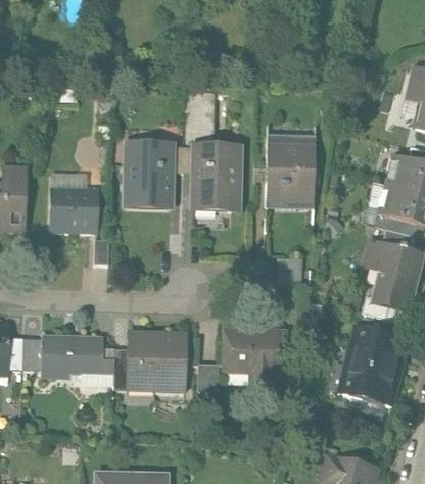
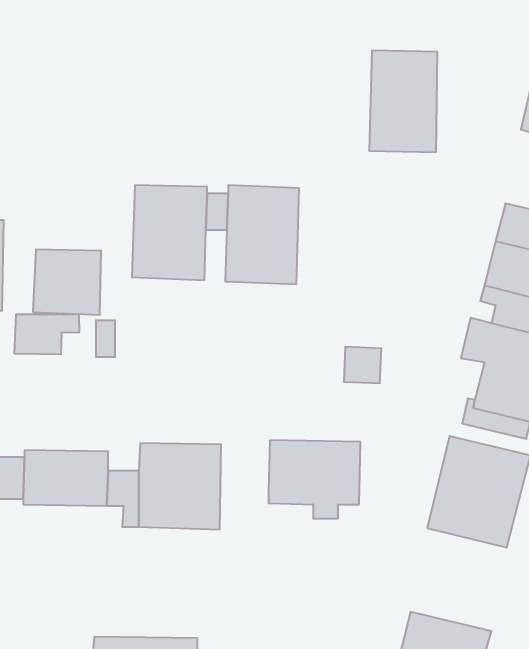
building: [266,134,316,208] -> [369,50,437,152]
building: none -> [15,314,79,354]
building: [197,365,221,392] -> none

